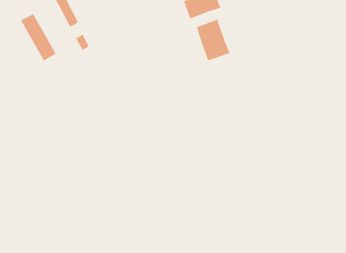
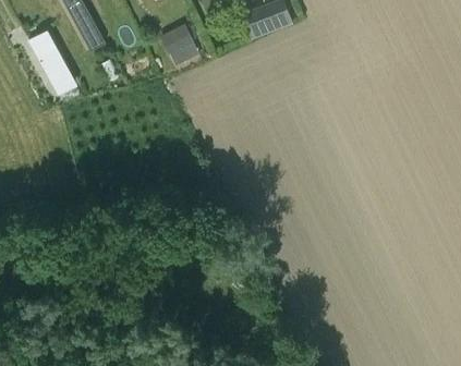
building: none -> [159,23,195,56]
building: [196,19,230,61] -> none

